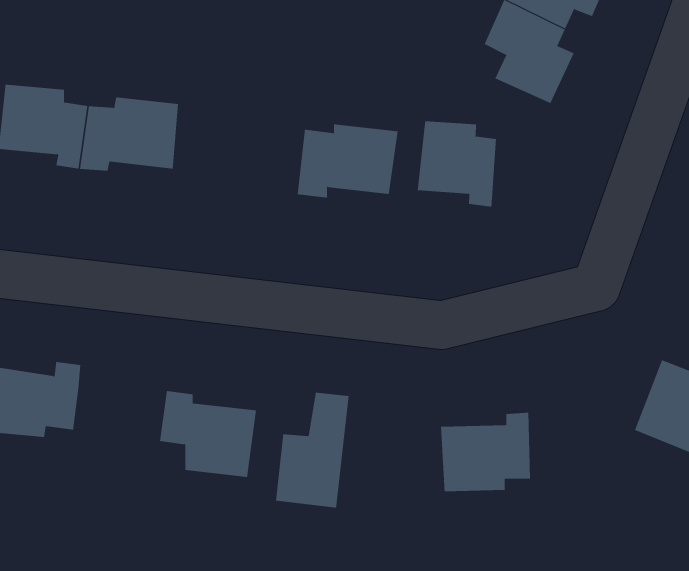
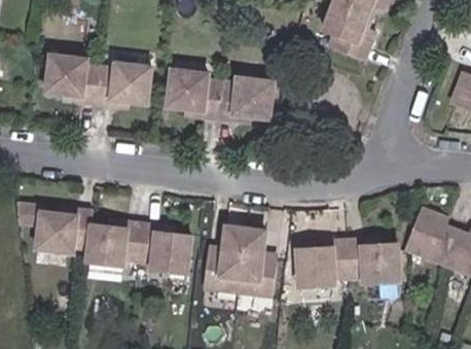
building: none -> [167,66,219,114]
building: [417,120,496,208] -> none
building: none -> [86,223,141,267]
building: none -> [238,229,277,296]
building: none -> [347,238,399,281]

